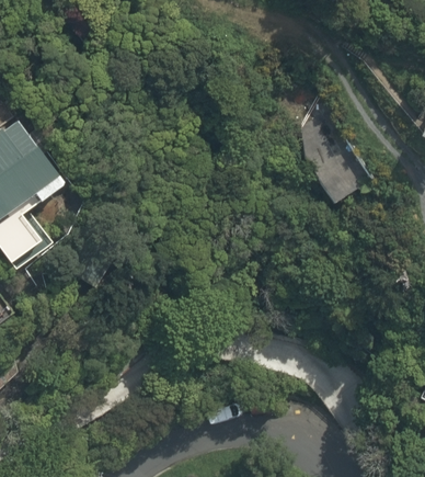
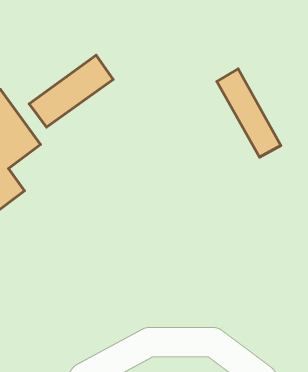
building: none -> [29,55,113,127]

